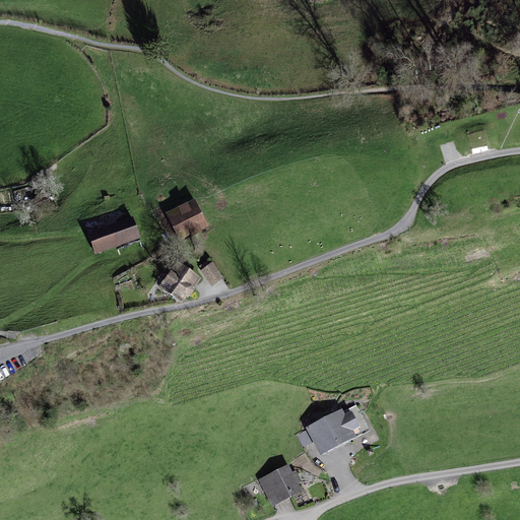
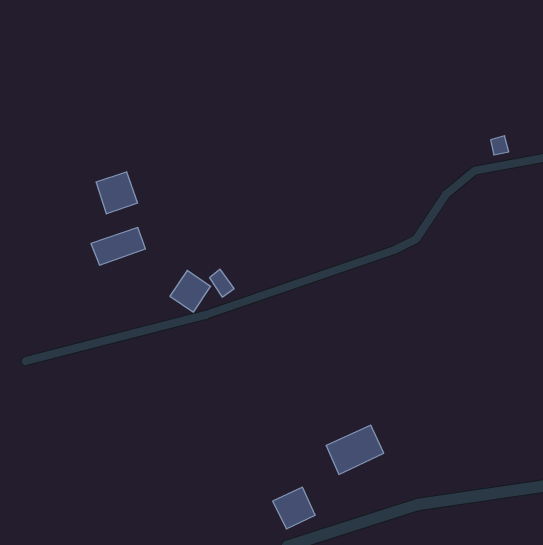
building: none -> [96,172,138,214]
building: [164,200,203,239] -> none

